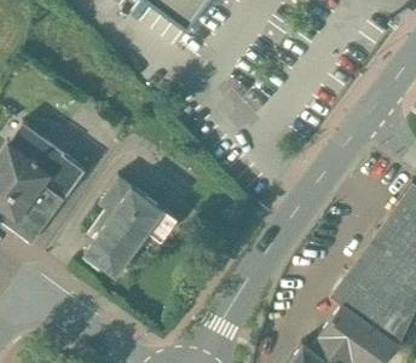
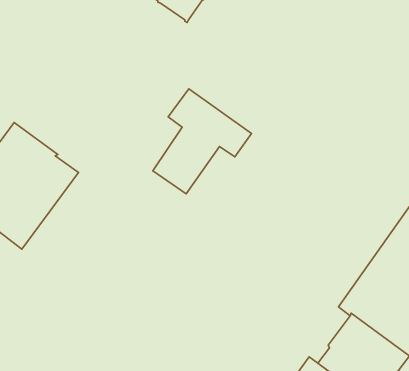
building: [83,177,177,276] -> [153,89,252,194]

